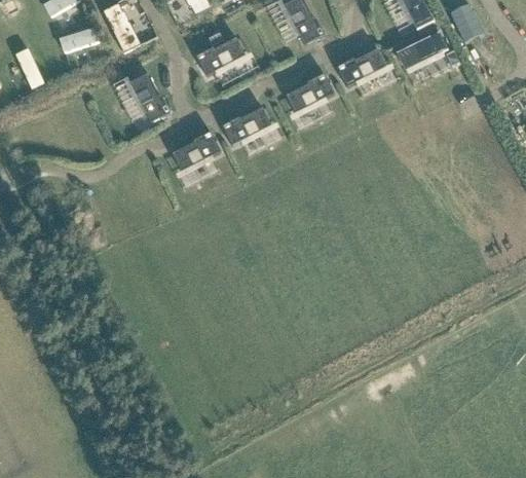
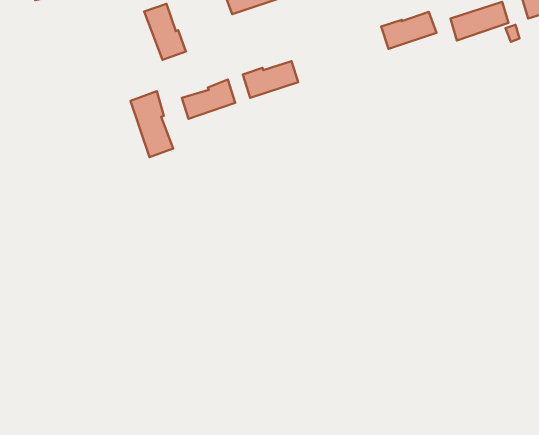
building: [286,74,332,112] -> none
building: none -> [130,91,173,157]

